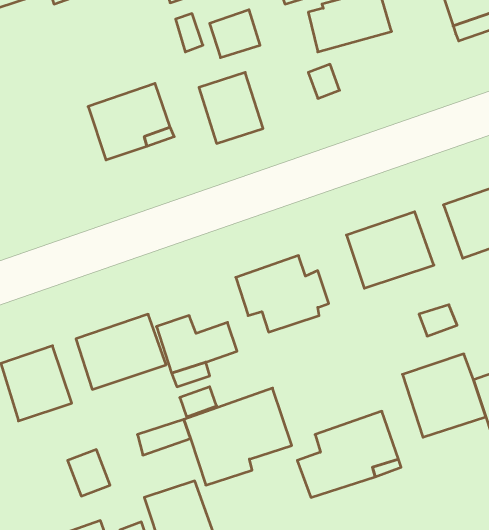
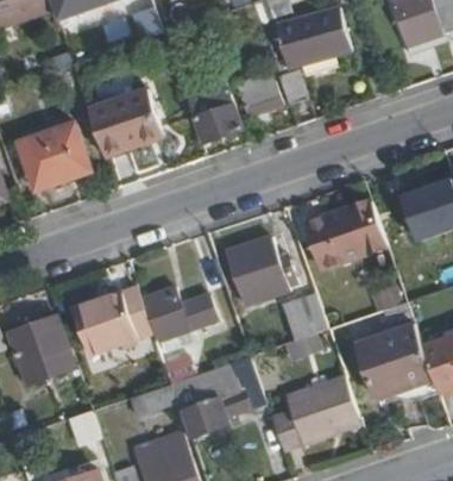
building: [210,10,260,58] -> [238,73,282,114]
building: none -> [17,123,87,188]
building: none -> [285,292,326,337]

